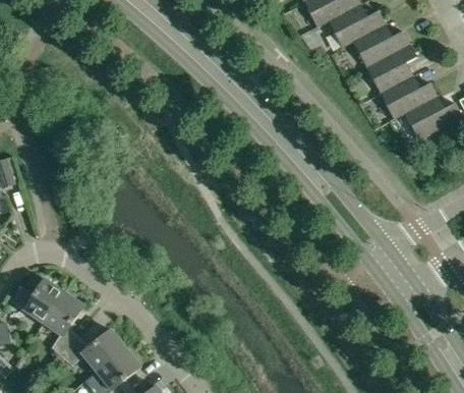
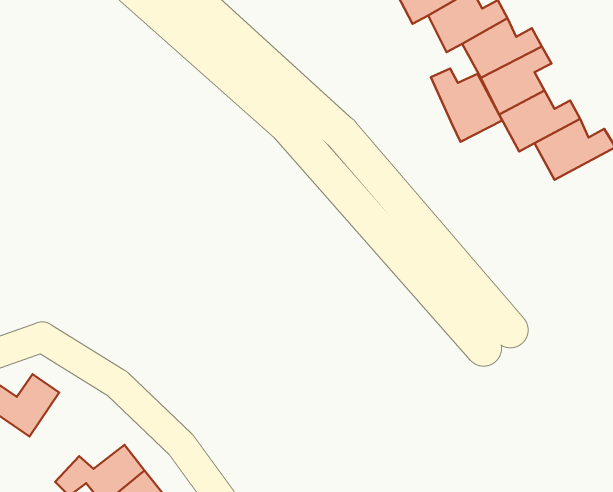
building: none -> [431,68,502,142]
building: [42,291,82,355] -> none

